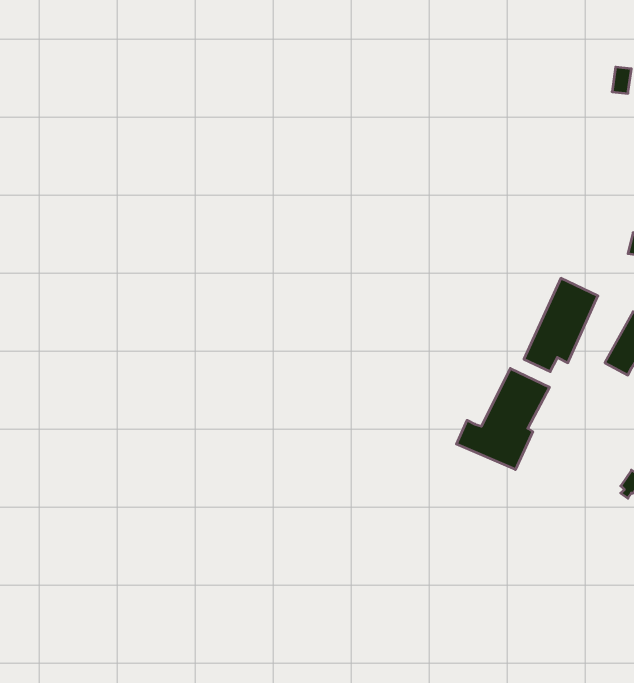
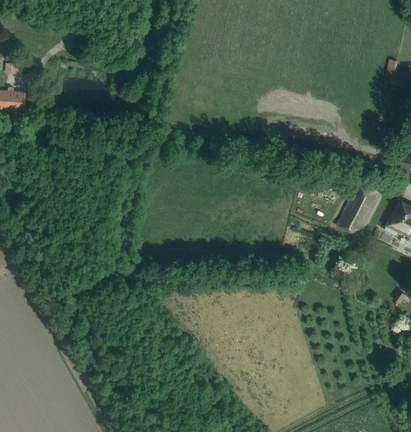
building: [456,368,549,470] -> none

